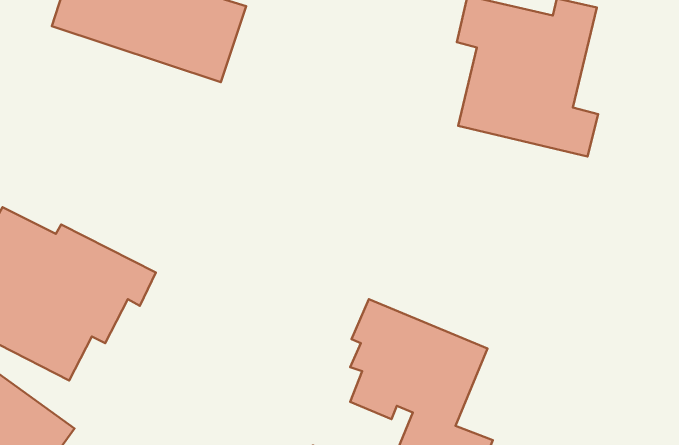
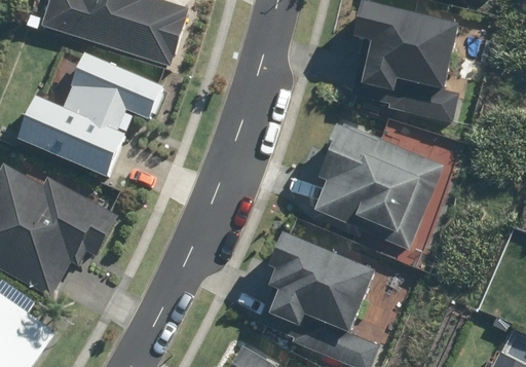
building: none -> [17,51,163,178]
building: none -> [310,120,444,253]

